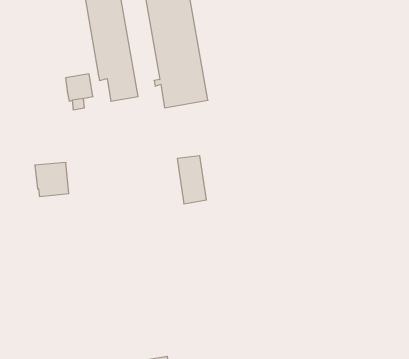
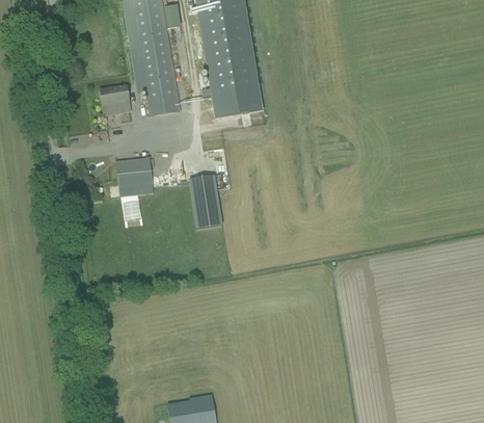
building: [177,156,206,204] -> [190,175,222,228]
building: [35,162,69,196] -> [116,157,154,194]

